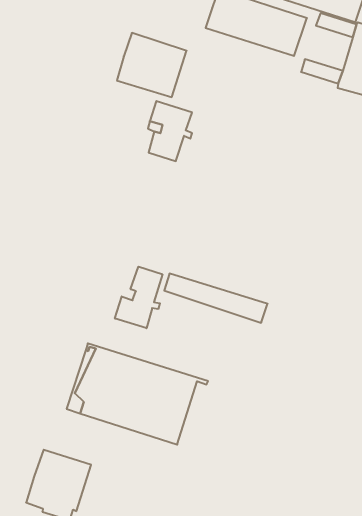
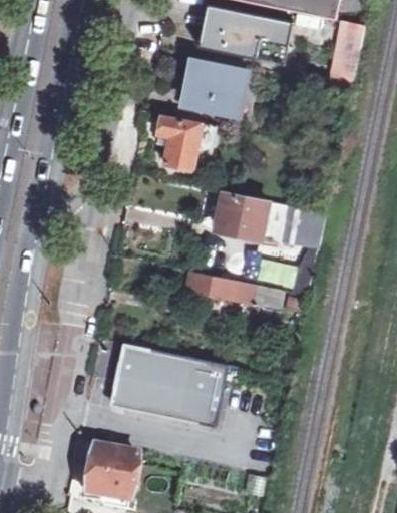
building: [117,33,187,97] -> [185,60,247,115]
building: none -> [215,192,325,242]
building: [115,267,162,328] -> none

